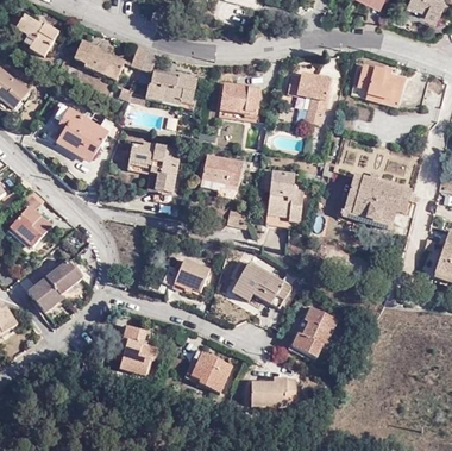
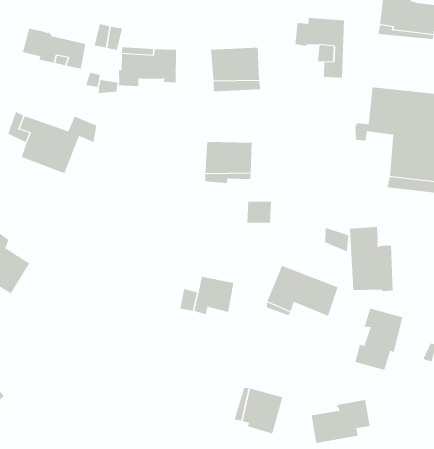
building: [128,143,181,202] -> none
building: [266,173,303,227] -> [349,227,394,291]
building: [29,261,82,313] -> none
building: [120,326,157,375] -> none

